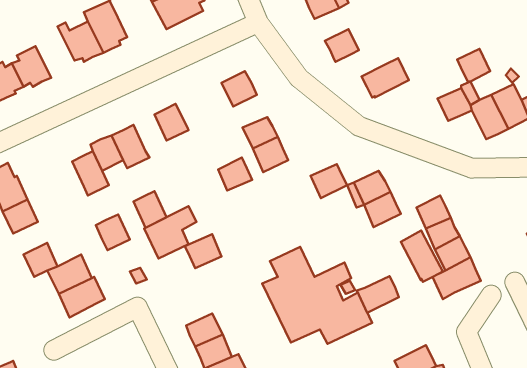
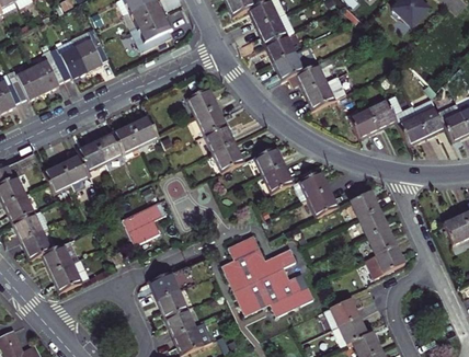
building: none -> [265,35,294,62]
building: none -> [32,48,65,93]
building: none -> [296,64,324,92]
building: [457,49,490,82] -> [350,111,377,138]
building: none -> [253,147,284,175]
building: [218,158,252,190] -> [197,107,226,135]
building: [134,191,166,228] -> [114,124,141,154]
building: [96,215,130,250] -> [44,163,72,193]
building: none -> [13,214,42,241]
building: [401,230,443,282] -> none
building: [185,234,221,268] -> [149,272,180,300]
building: [357,276,399,313] -> [323,299,358,330]

